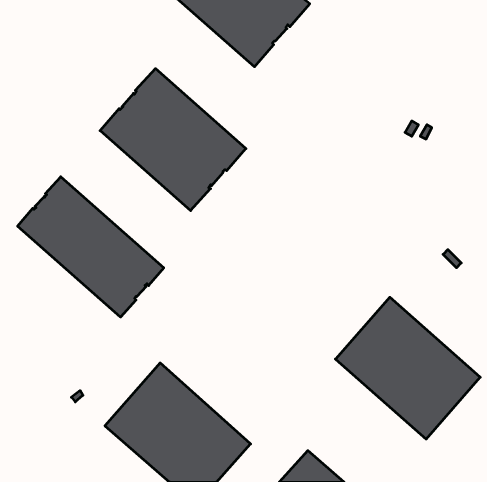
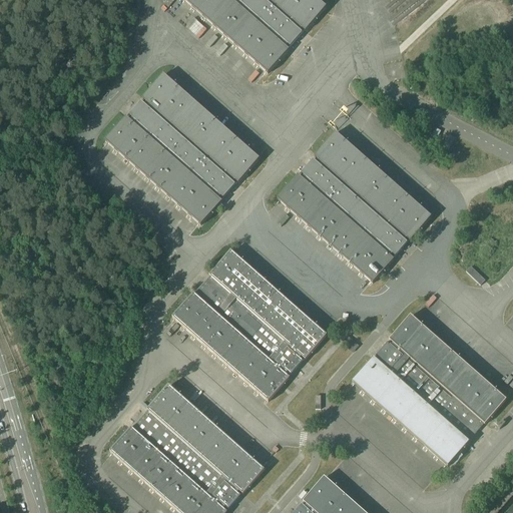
building: none -> [277,130,431,280]
building: [18,177,164,317] -> none
building: none -> [172,248,327,399]

